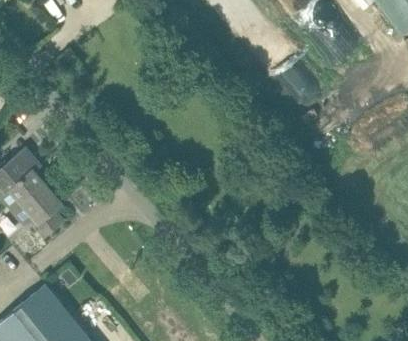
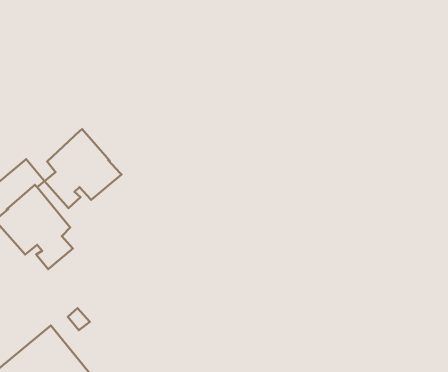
building: none -> [45,129,121,208]

